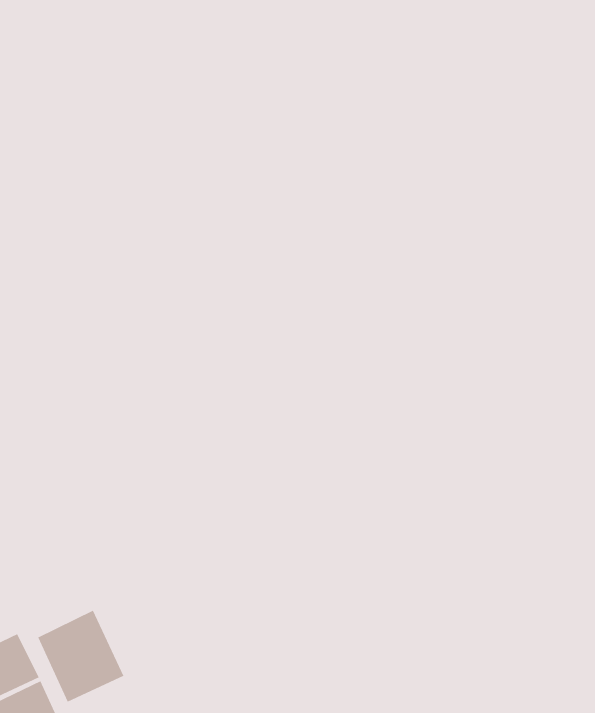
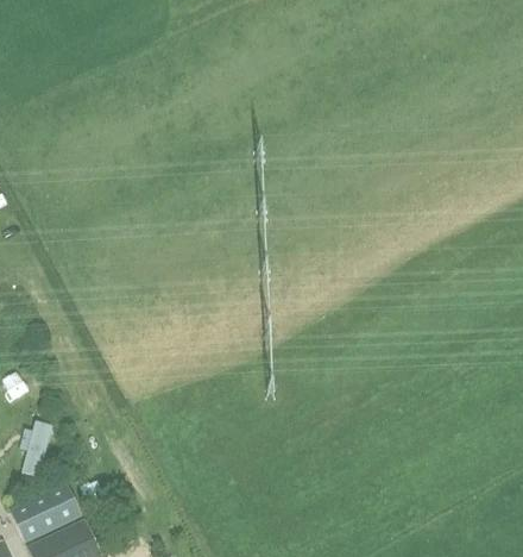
building: [38,610,124,703] -> none

